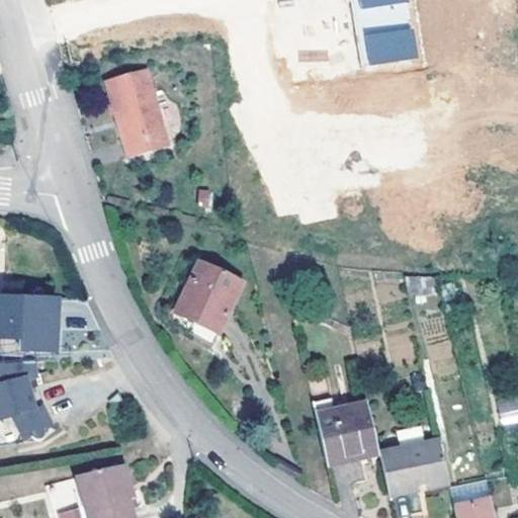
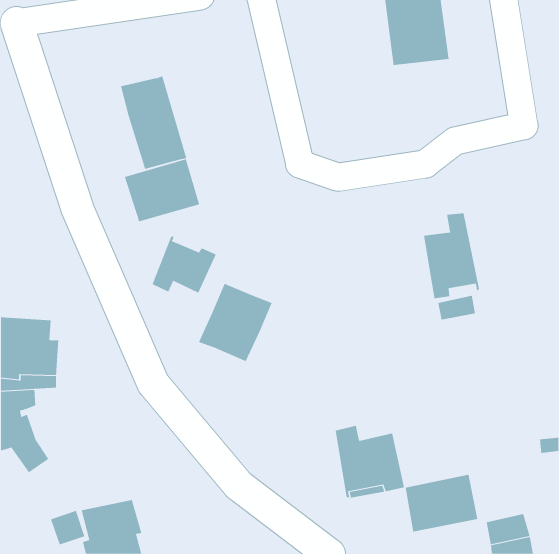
building: none -> [124,159,200,222]
building: none -> [424,212,480,299]
building: none -> [152,236,217,293]

